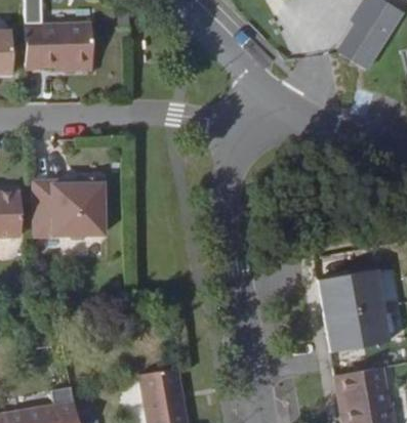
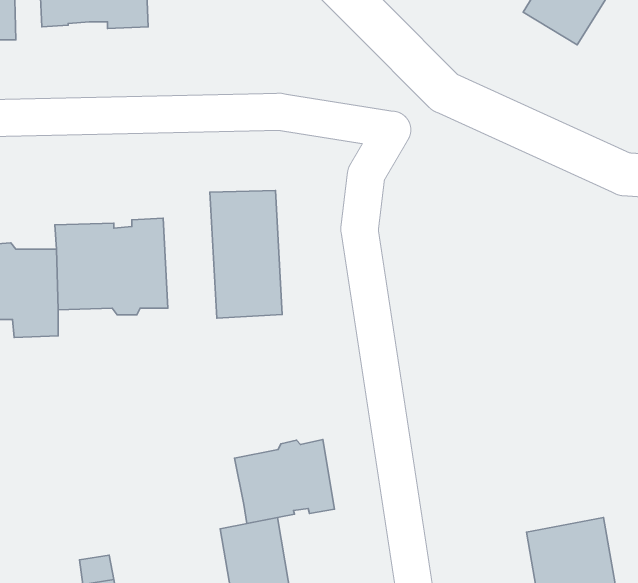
building: none -> [210,191,282,318]
building: [317,270,386,353] -> none
building: none -> [234,440,335,524]

